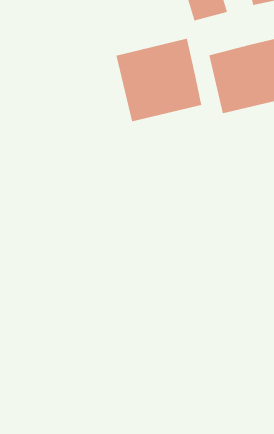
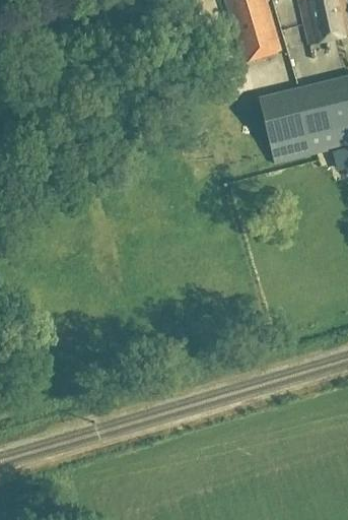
building: [116,38,202,122] -> none

